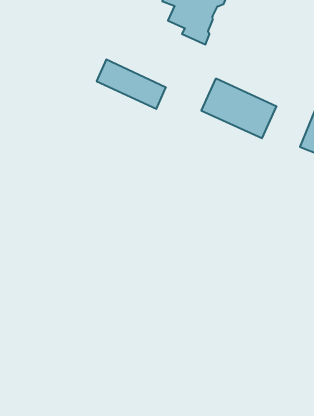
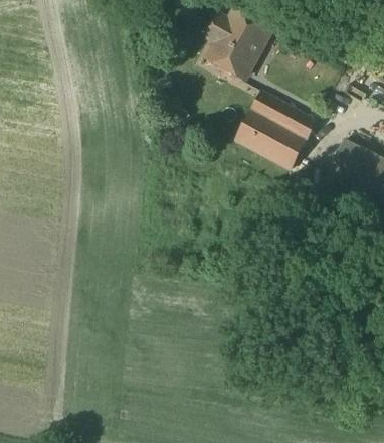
building: [97,60,166,109] -> [252,93,316,141]

